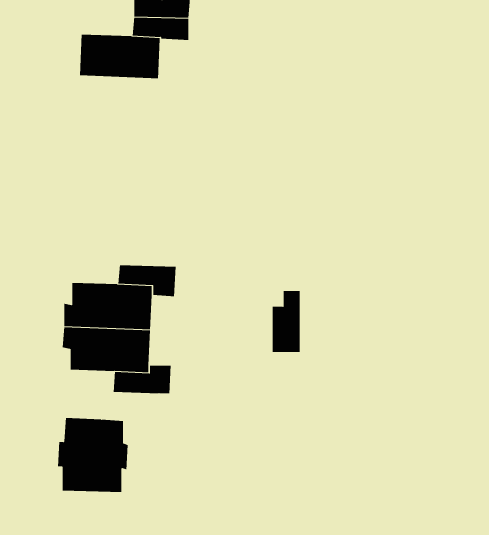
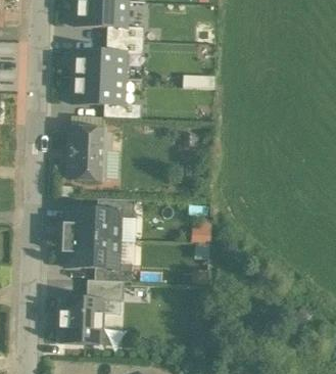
building: none -> [71,76,124,104]
building: none -> [68,128,109,178]
building: none -> [87,279,124,297]

